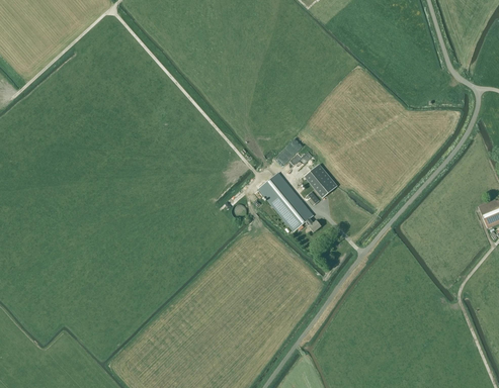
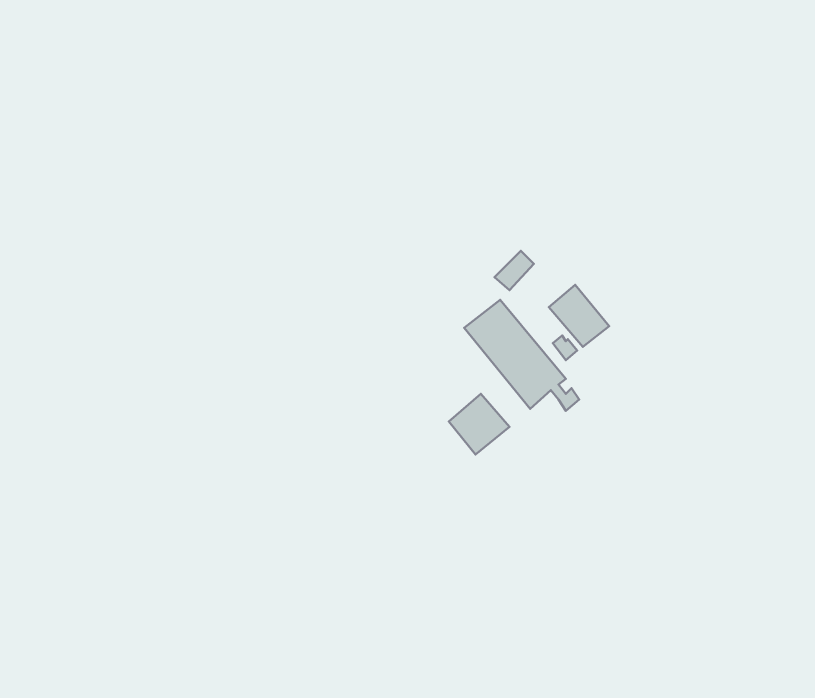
building: none -> [449,394,510,454]

